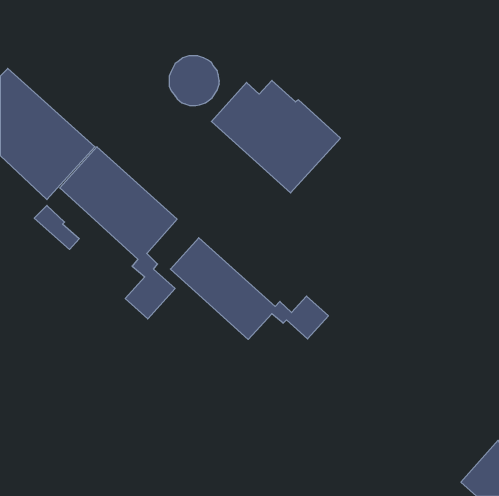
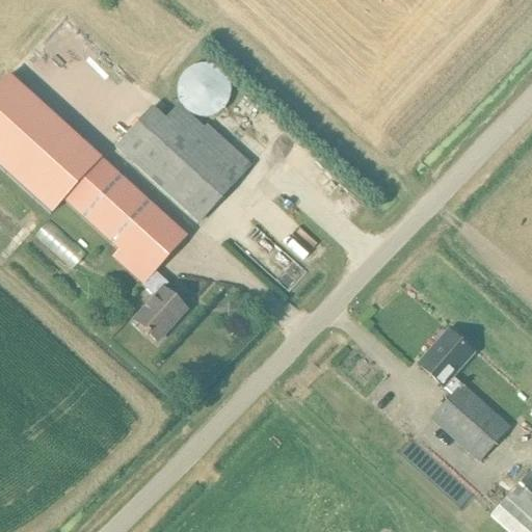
building: [211,80,340,193] -> [115,101,252,220]
building: [170,238,328,339] -> none
building: none -> [419,329,511,461]

